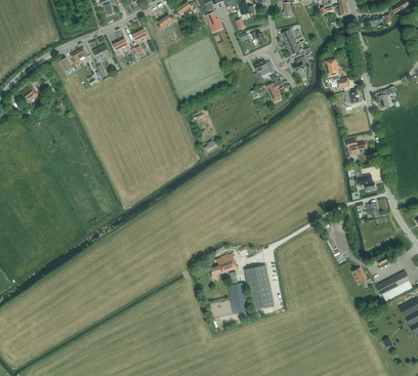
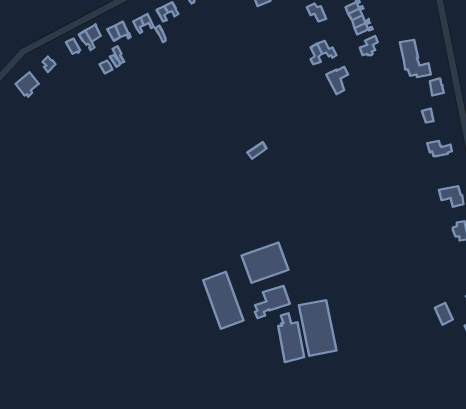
building: none -> [242,242,289,283]
building: none -> [203,272,243,329]

